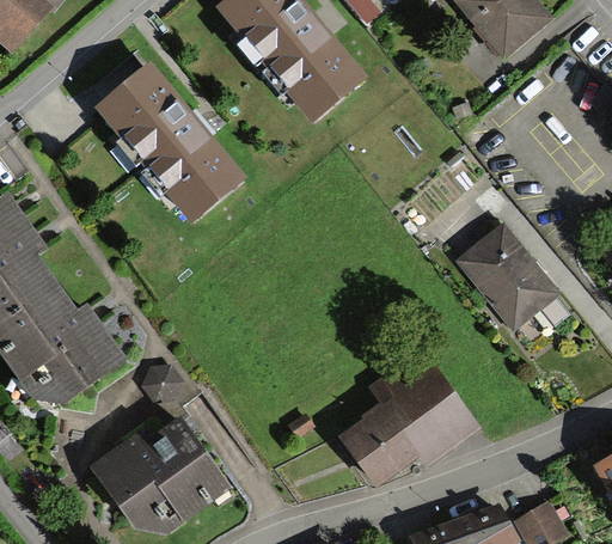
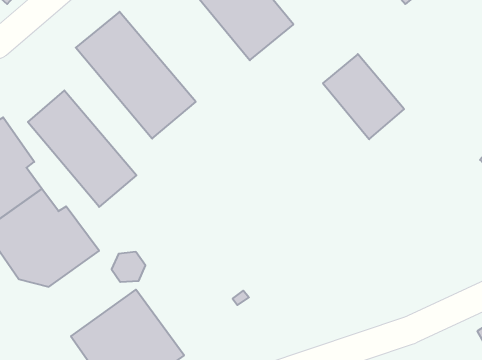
building: none -> [28,90,136,207]
building: [457,224,557,329] -> [323,54,404,139]
building: [339,354,475,488] -> none

